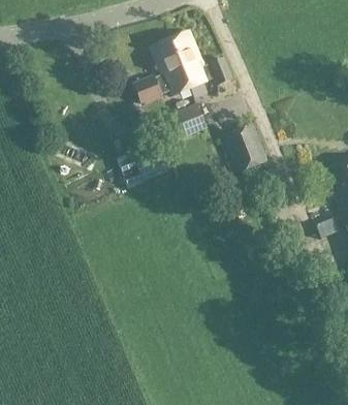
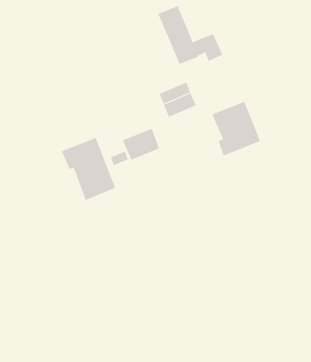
building: [135,39,191,103] -> none
building: none -> [61,137,116,201]

